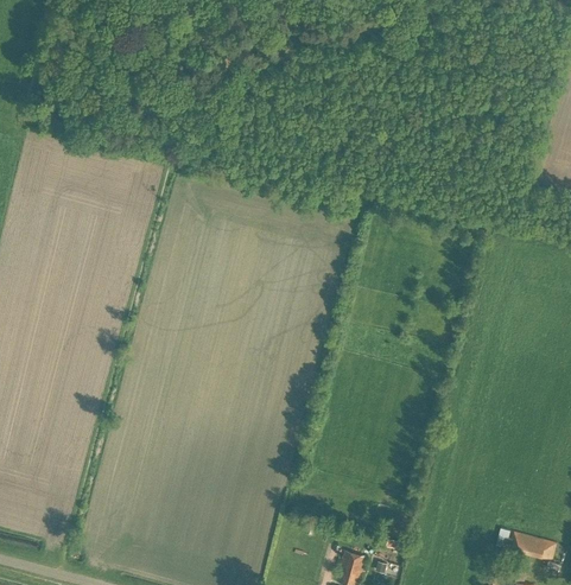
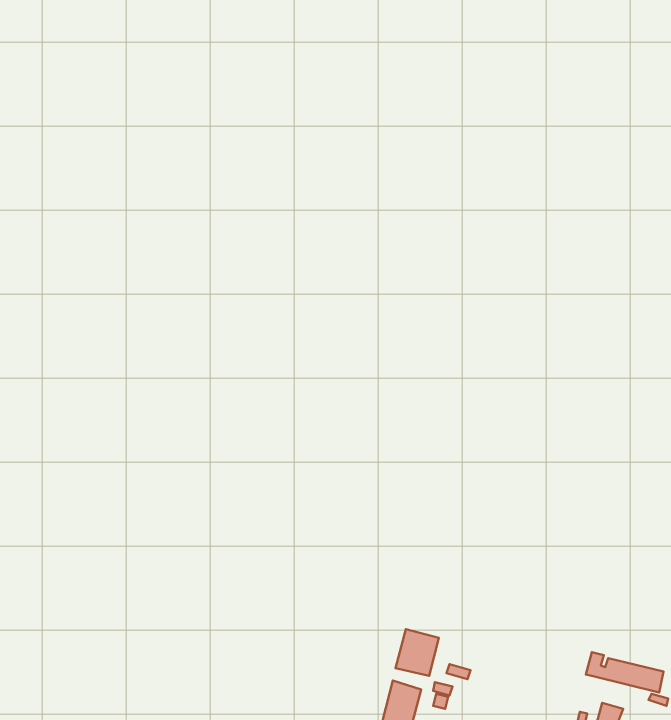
building: none -> [395,629,439,676]

